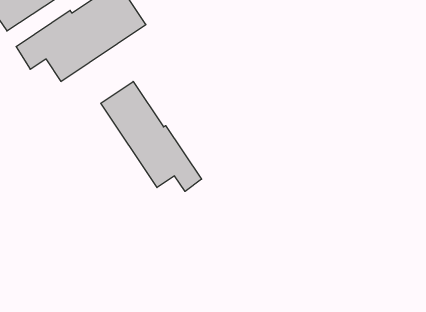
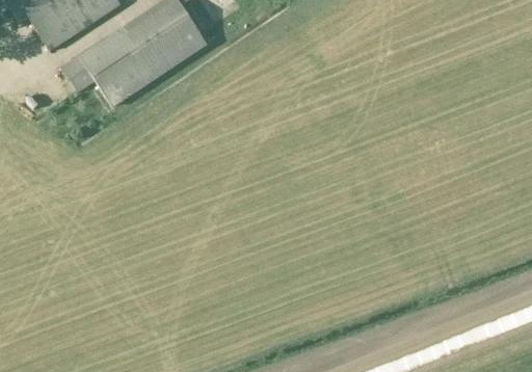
building: [101,81,202,191] -> none

